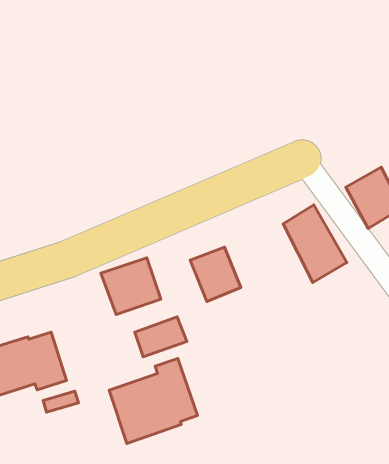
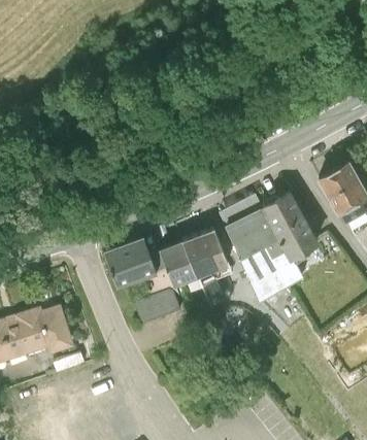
building: none -> [218,197,299,301]
building: none -> [158,240,196,285]
building: [109,359,198,444] -> none

